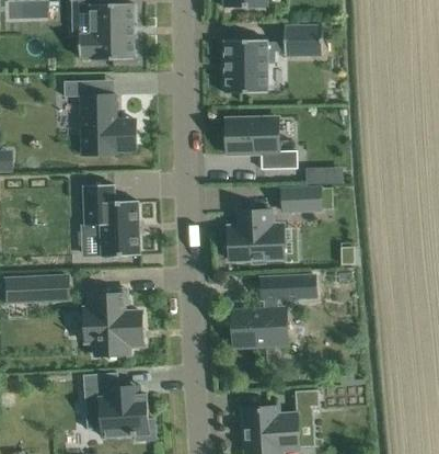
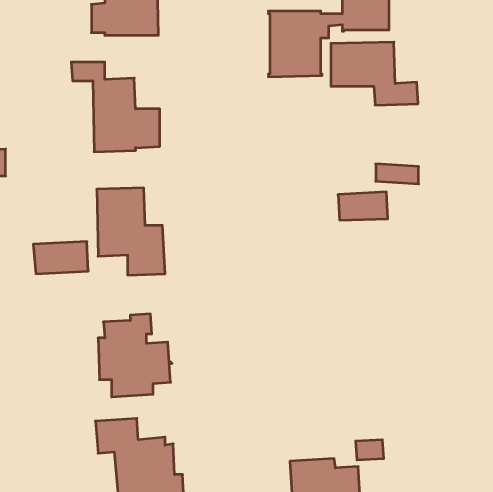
building: [227,117,298,169] -> [331,42,418,105]
building: [224,209,285,263] -> none
building: [232,274,316,347] -> none
building: [16,275,61,302] -> [33,242,88,274]

